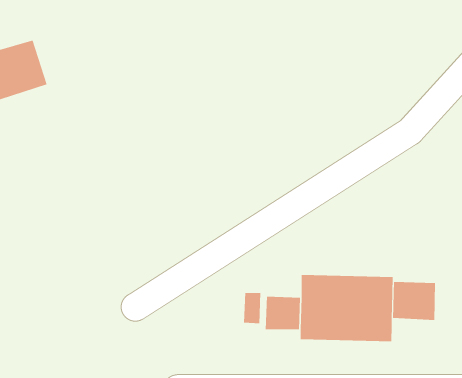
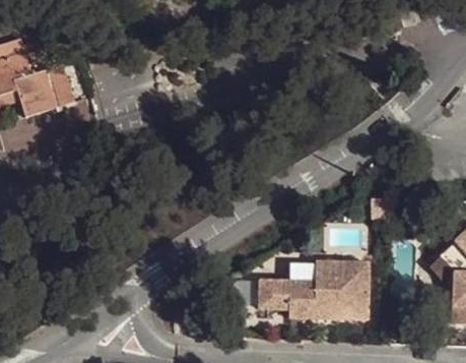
building: [393,281,436,321] -> none

